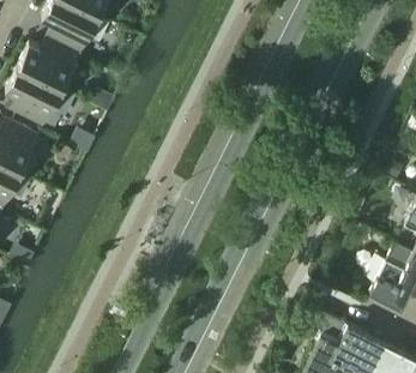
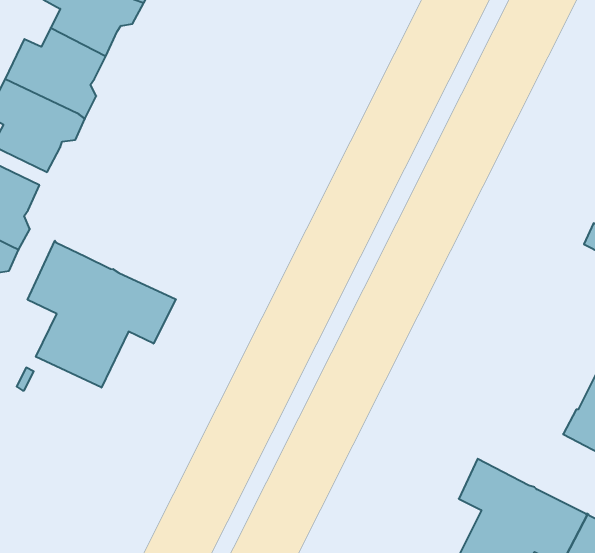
building: none -> [28,241,176,388]

